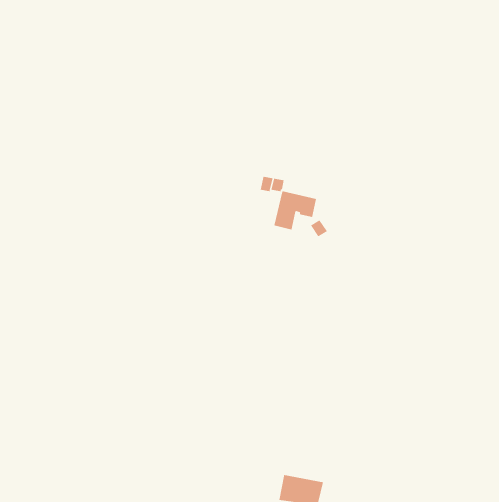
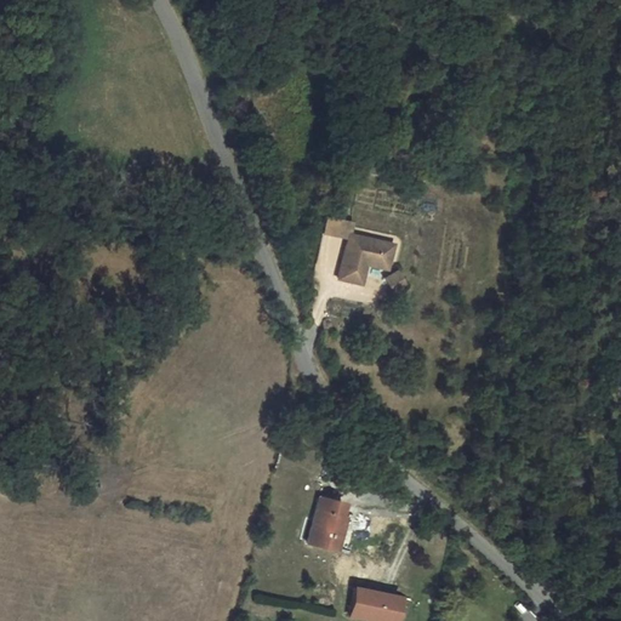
building: none -> [310,498,347,552]

